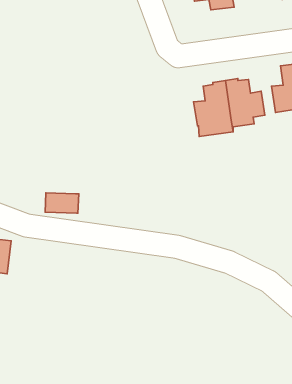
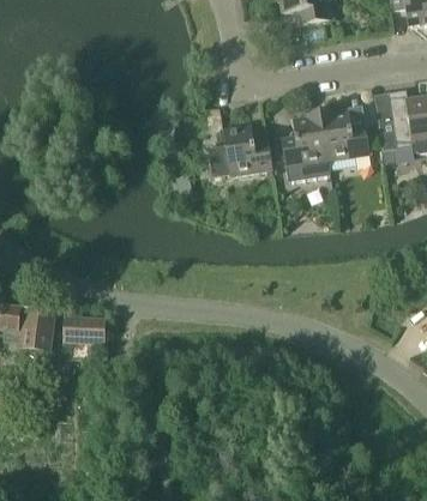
building: none -> [212,125,272,177]
building: [45,193,79,213] -> [64,316,106,342]

